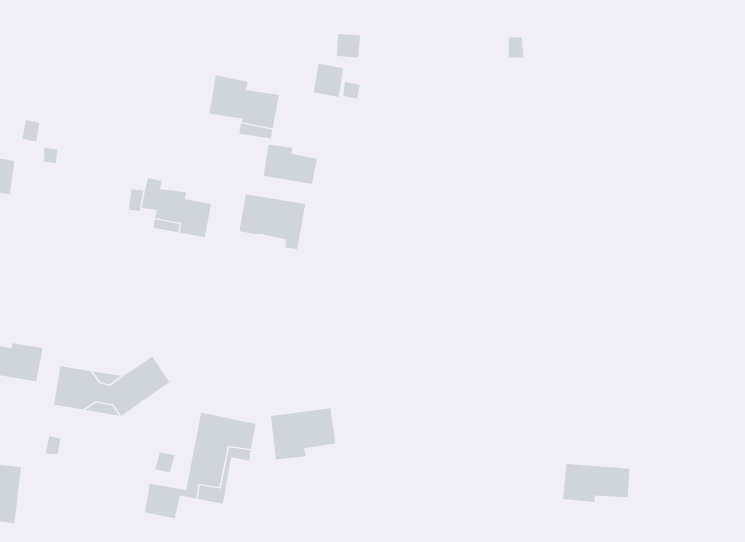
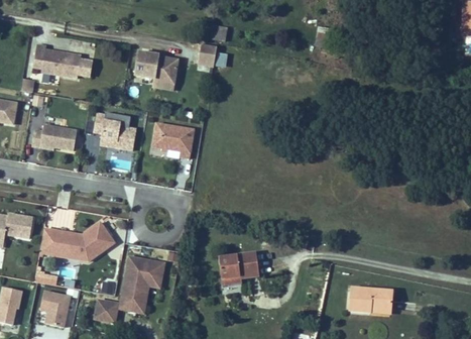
building: none -> [33,44,81,78]
building: [263,144,318,185] -> none
building: none -> [31,124,77,150]
building: [270,407,336,460] -> [219,252,259,285]
building: none -> [40,292,70,328]

